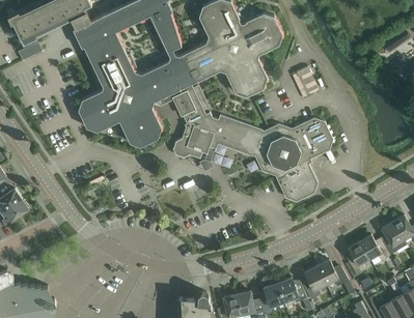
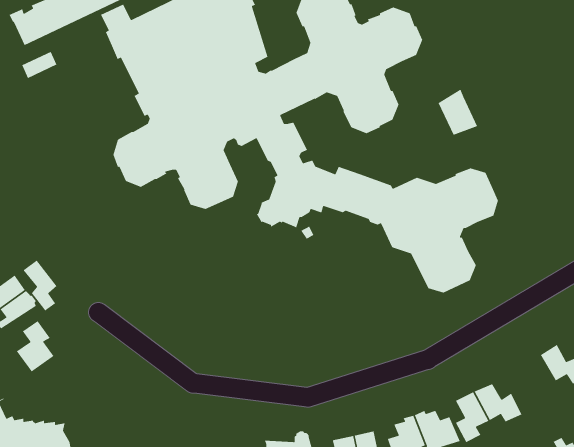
building: none -> [22,260,58,312]
building: none -> [16,320,55,372]
building: [348,241,369,274] -> none

